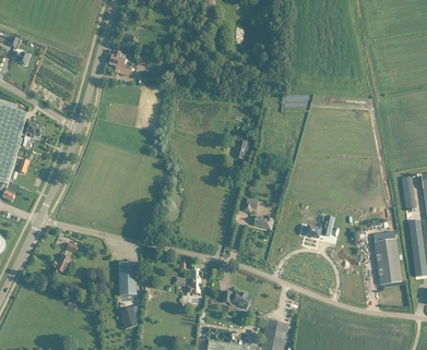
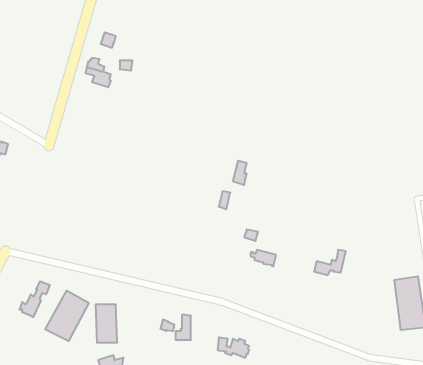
building: none -> [45,291,89,341]

